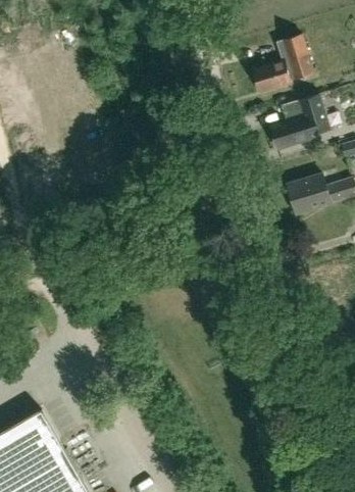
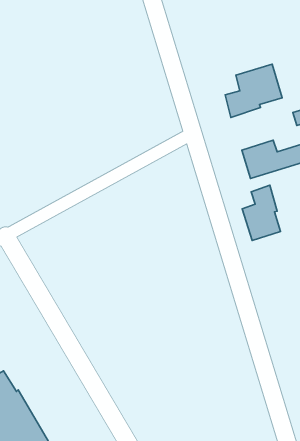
building: [251,36,312,93] -> none
building: none -> [242,185,280,240]

